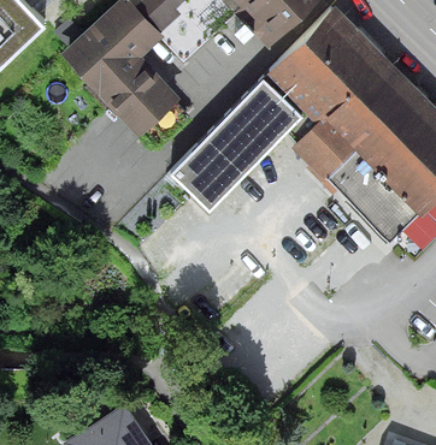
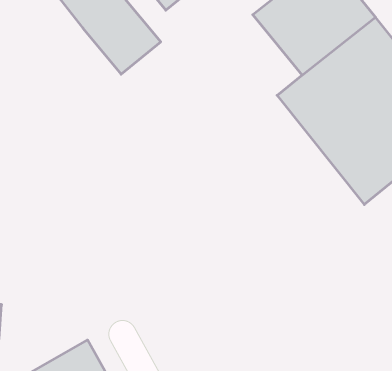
building: [169,77,301,210] -> none

